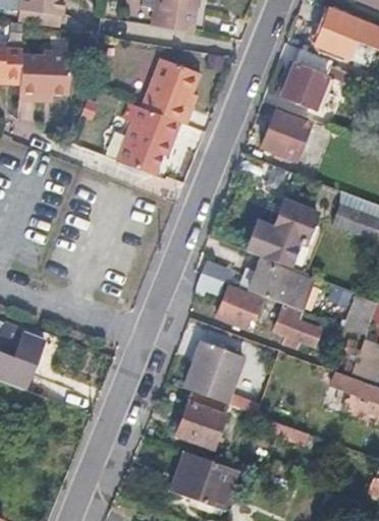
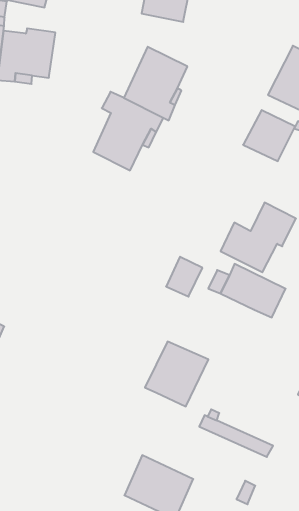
building: [219,288,261,330] -> none
building: [274,304,320,344] -> none
building: [177,391,230,449] -> none

